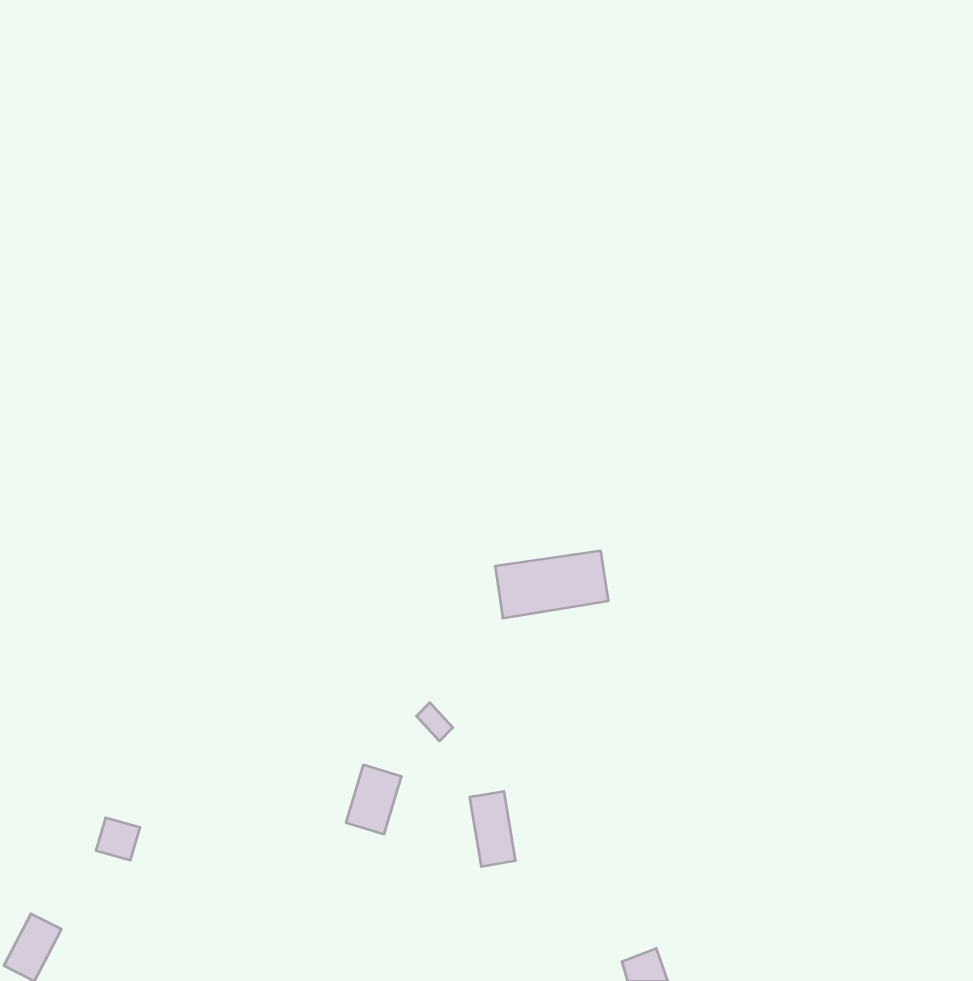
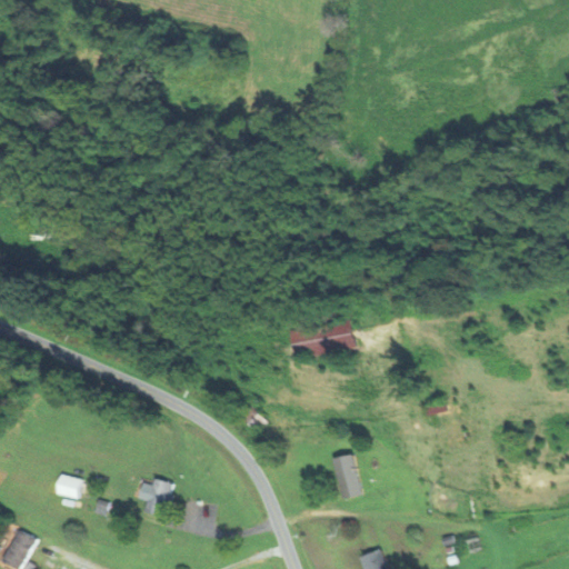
building: [346,765,402,834] -> [143,477,176,517]
building: [470,791,516,866] -> [333,453,360,497]

